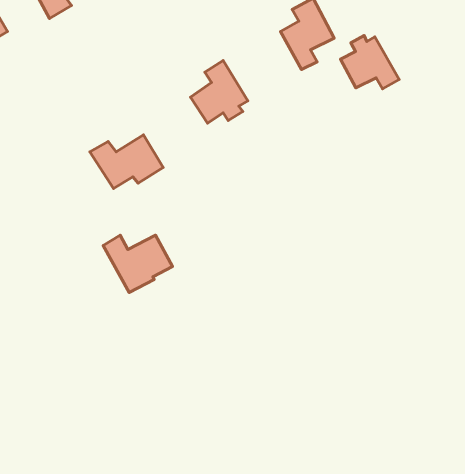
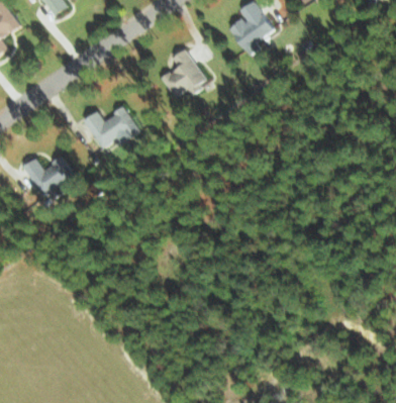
building: [341,35,399,89] -> none
building: [103,235,172,293] -> [22,157,76,201]

